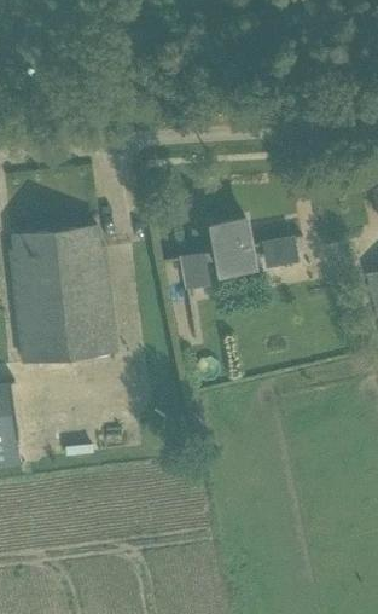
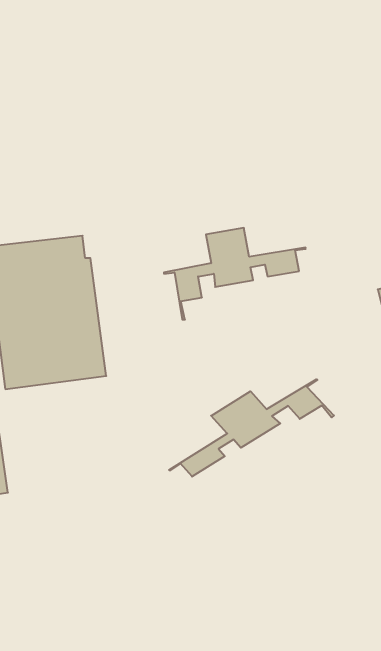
building: none -> [169,379,334,477]

